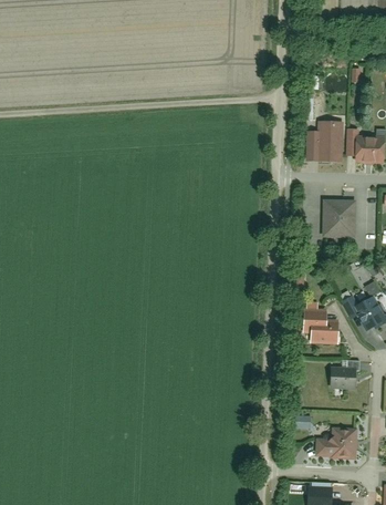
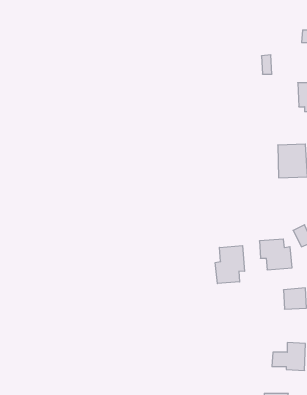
building: [309,121,342,159] -> none
building: none -> [215,246,244,284]

